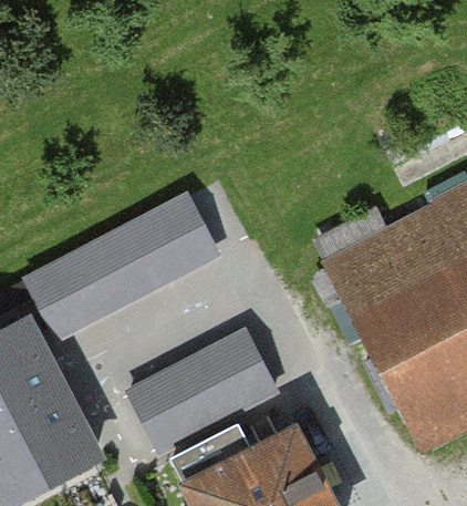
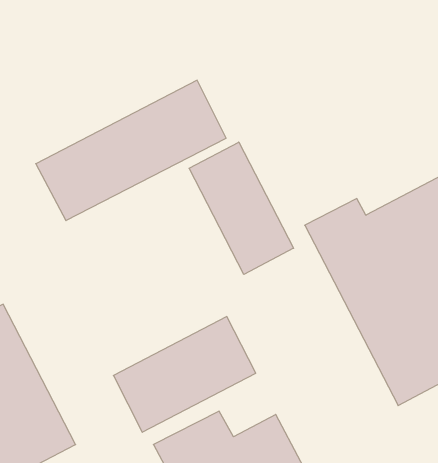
building: none -> [189,142,294,274]
building: [28,198,217,338] -> [36,80,226,221]

